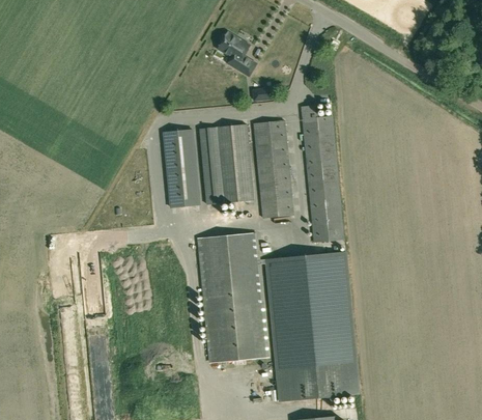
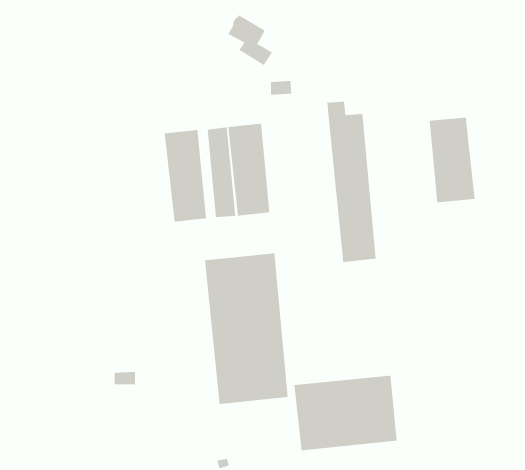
building: none -> [429,117,475,203]
building: [253,119,293,217] -> none
building: [264,250,356,345] -> none

